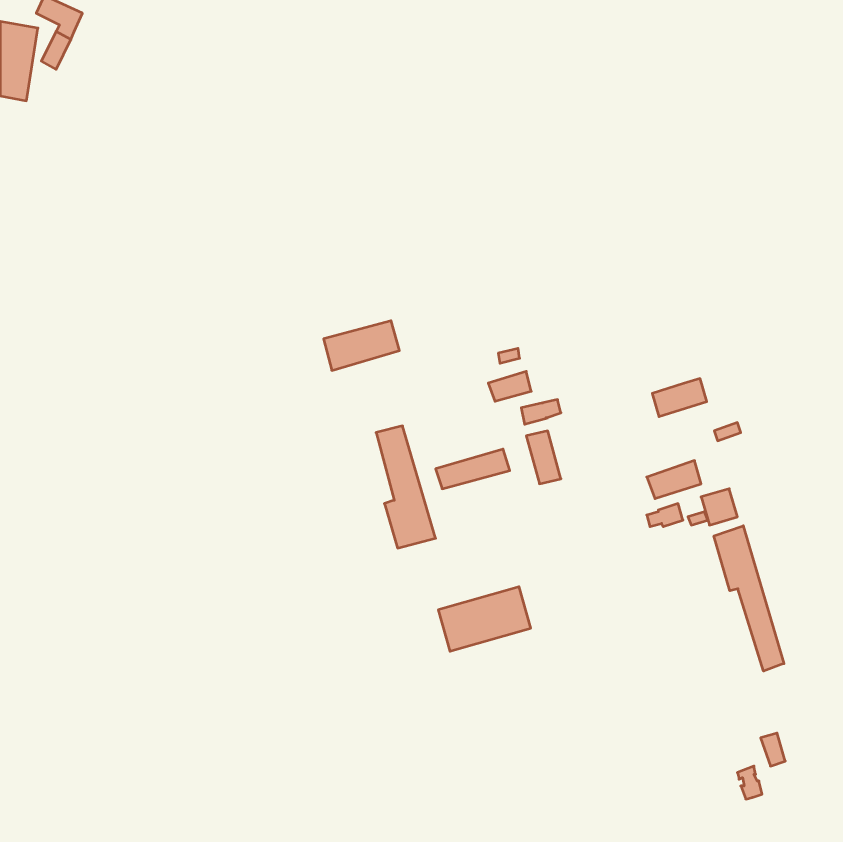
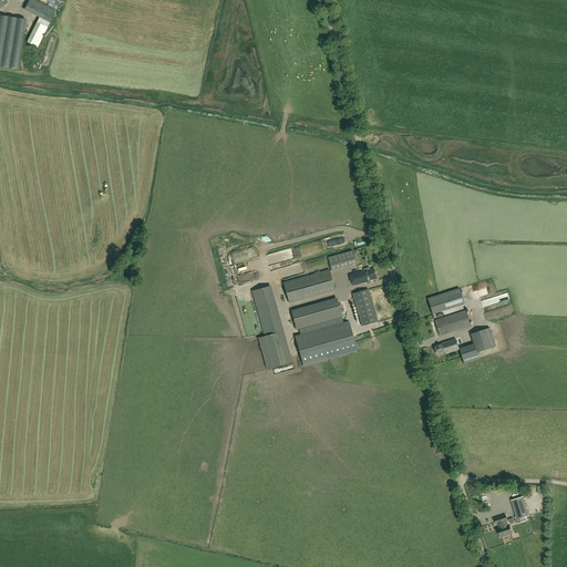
building: [324,321,399,370] -> [284,269,334,302]
building: [652,379,707,417] -> [427,288,464,313]
building: [714,526,784,671] -> none
building: [438,587,531,651] -> [295,320,357,363]

